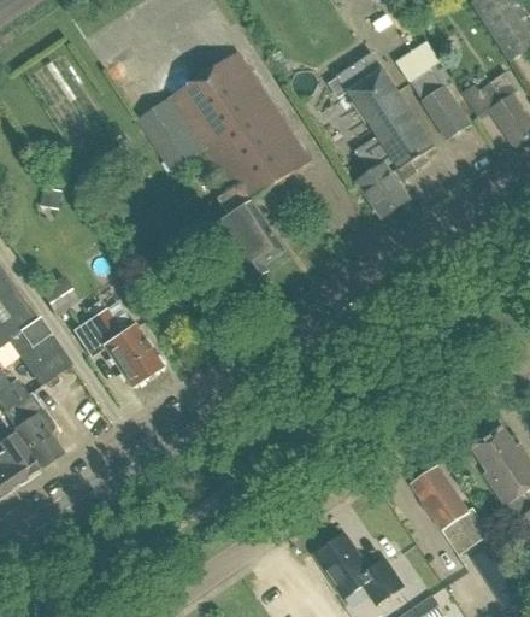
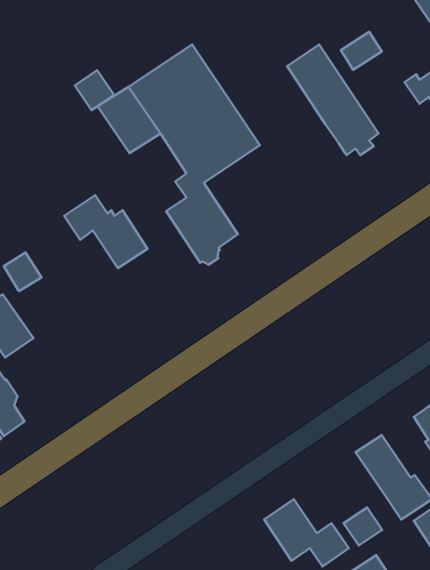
building: [411,63,470,139] -> none
building: none -> [75,70,114,110]
building: [357,136,410,217] -> none
building: [72,307,160,384] -> [64,195,148,268]
building: none -> [344,507,382,546]

